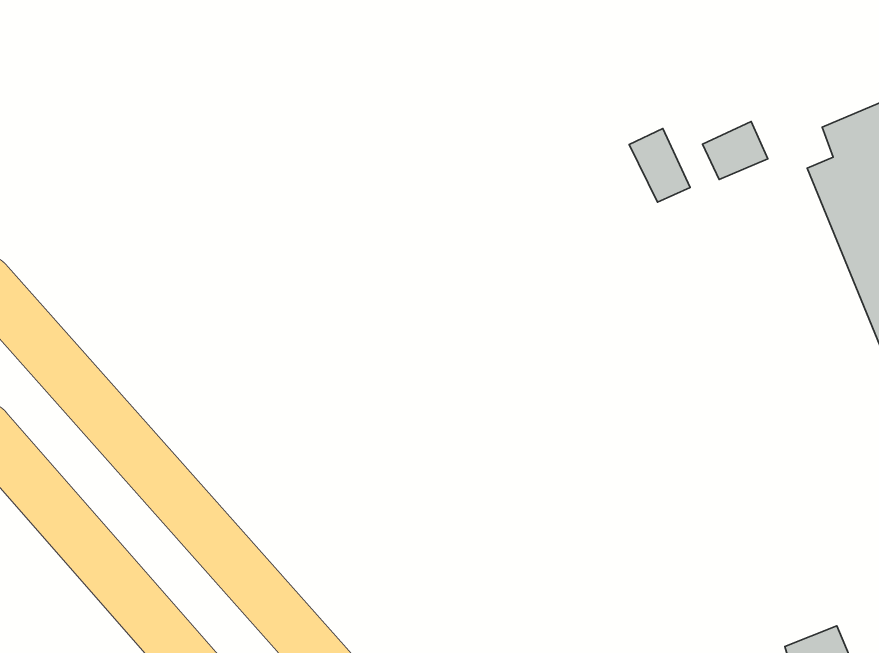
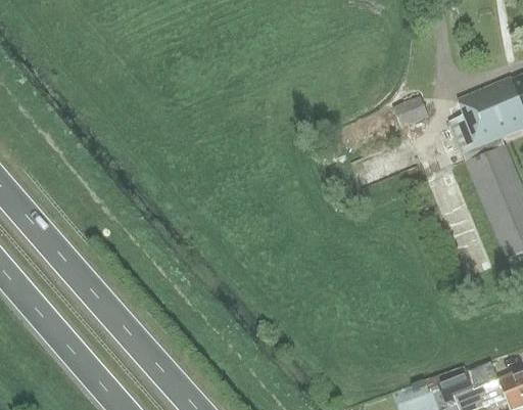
building: [629,128,690,202] -> none

